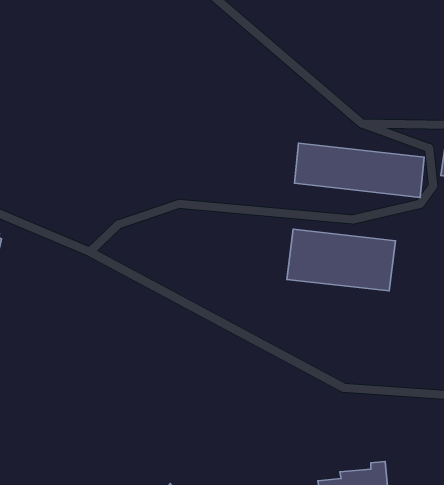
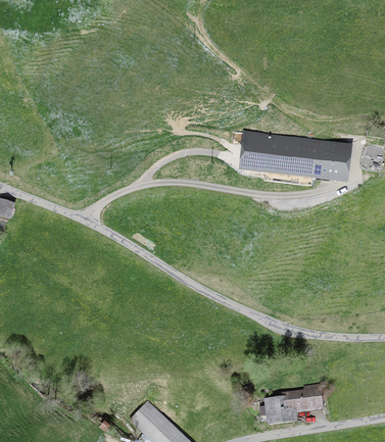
building: [287,229,395,291] -> none

